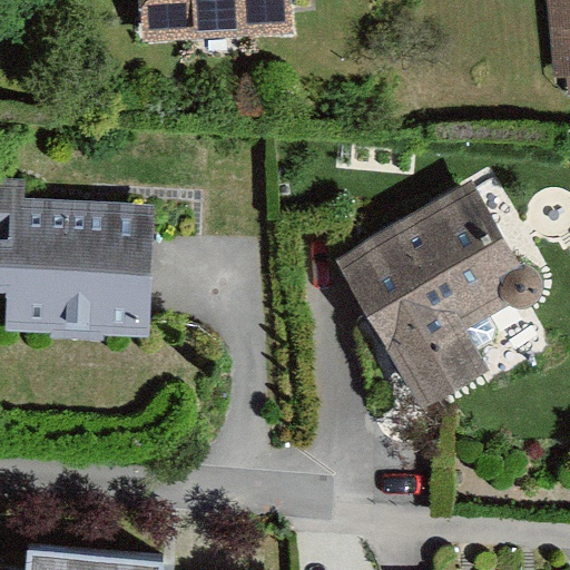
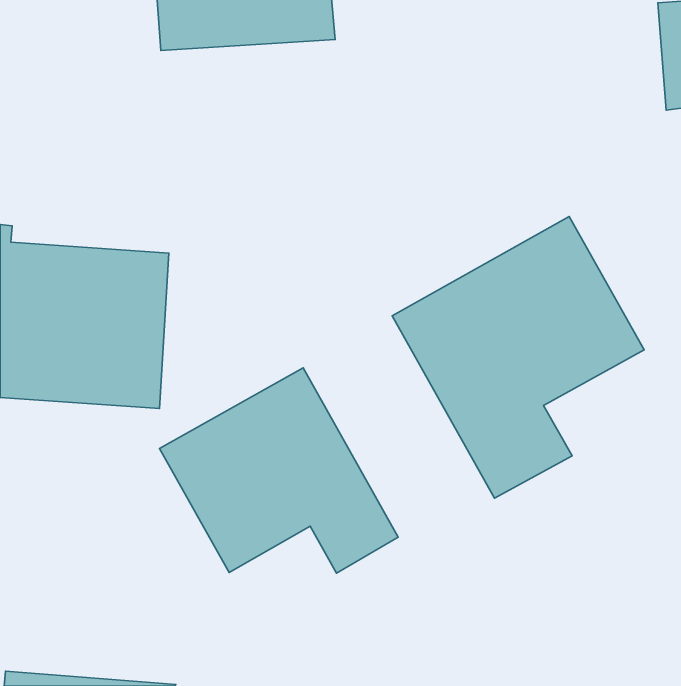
building: none -> [159,368,398,573]

